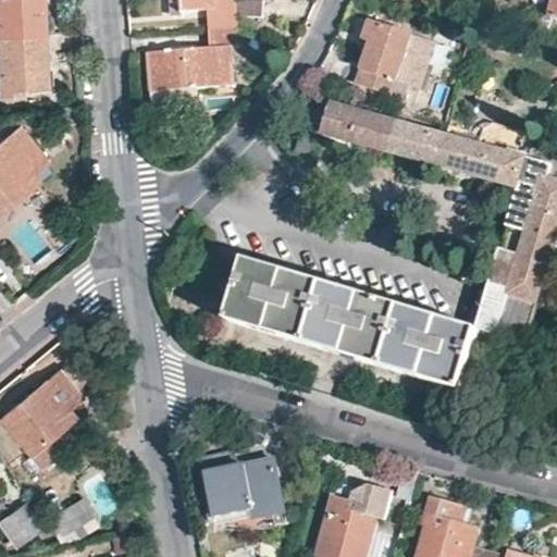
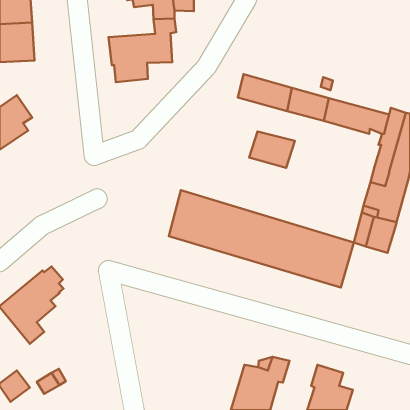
building: [356,18,422,98] -> none
building: none -> [249,131,295,168]
building: [196,449,284,517] -> none

